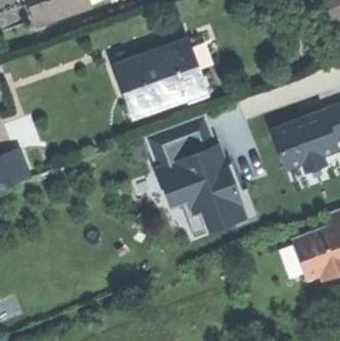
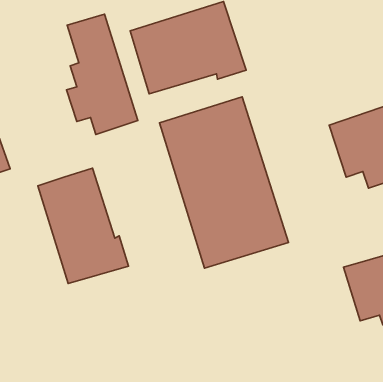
building: none -> [67,14,138,134]
building: none -> [38,168,129,284]

